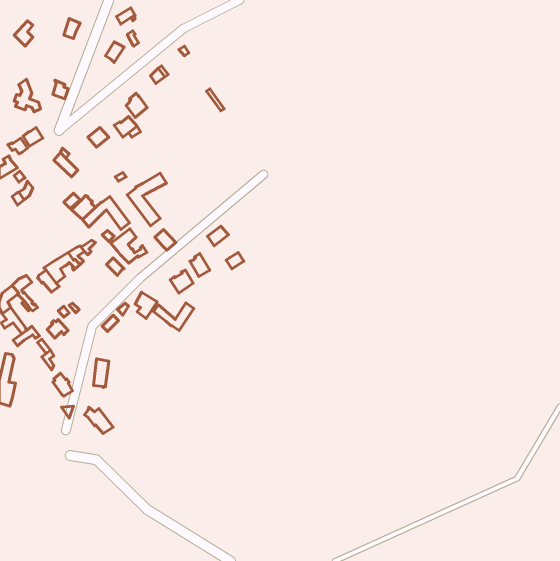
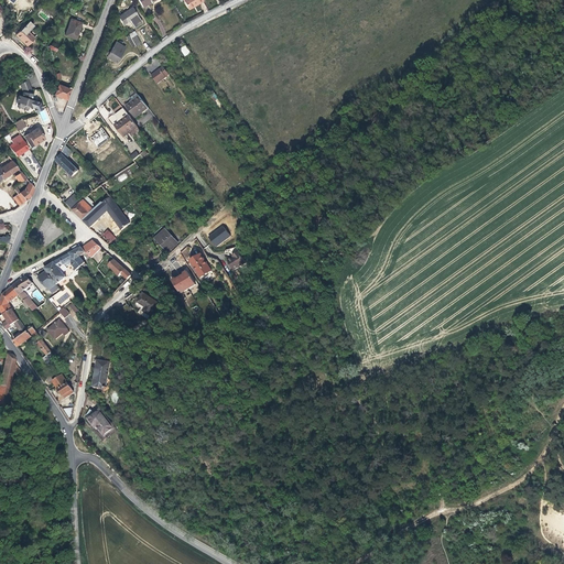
building: [127,173,167,226] -> none
building: [110,229,147,263] -> none
building: [153,303,194,330] -> none

